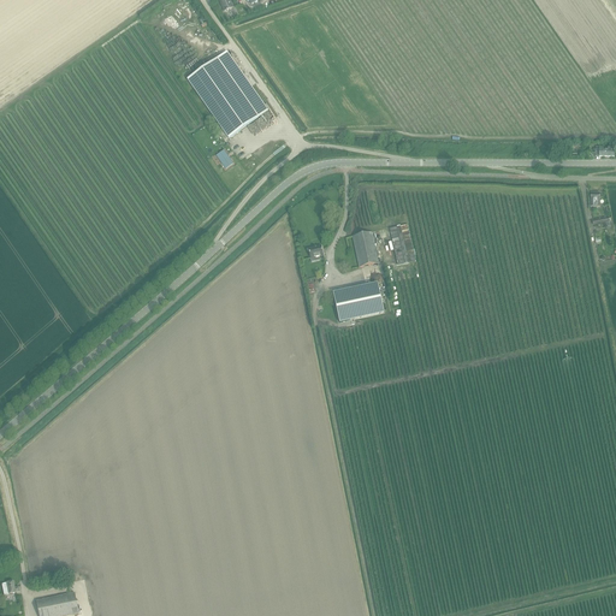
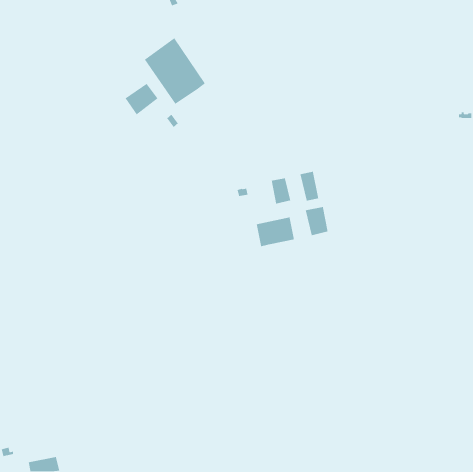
building: none -> [125,83,158,115]
building: none -> [305,206,329,236]

